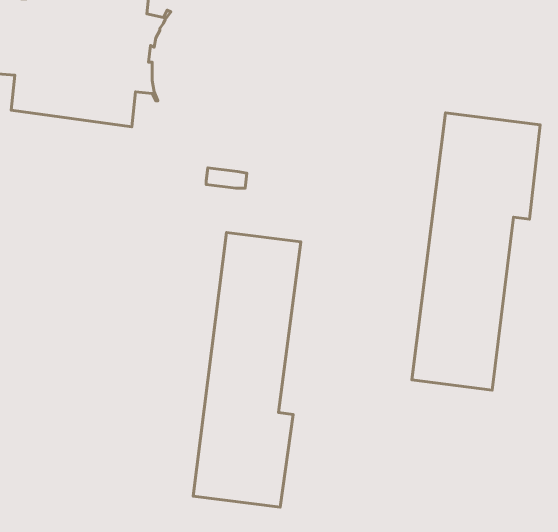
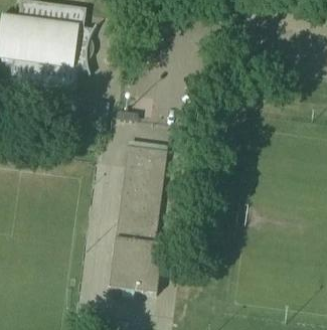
building: [412,113,540,390] -> none

